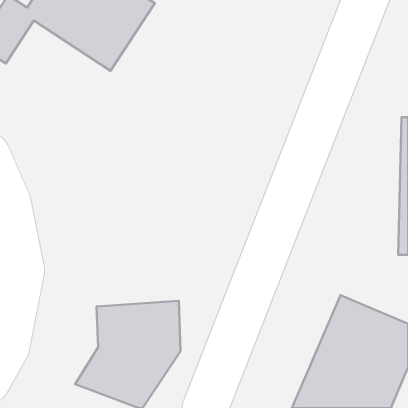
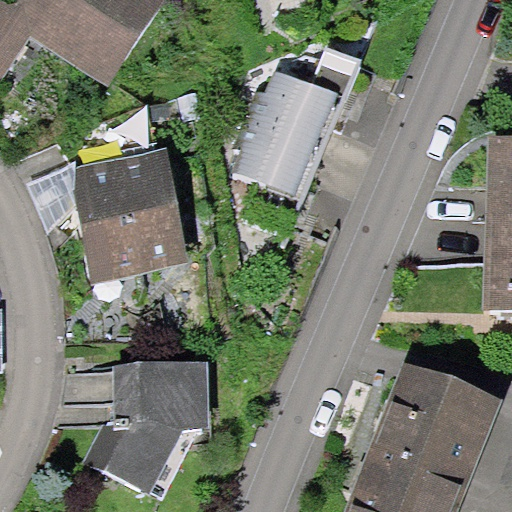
building: none -> [239,76,342,193]
building: none -> [77,150,202,281]

